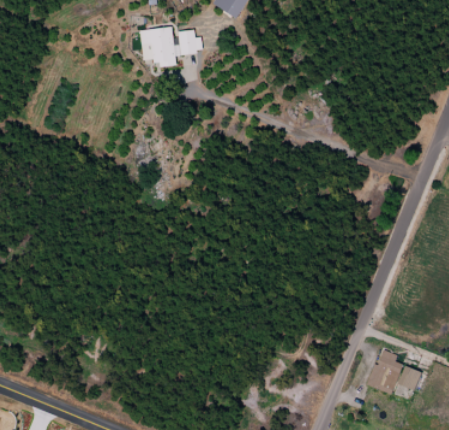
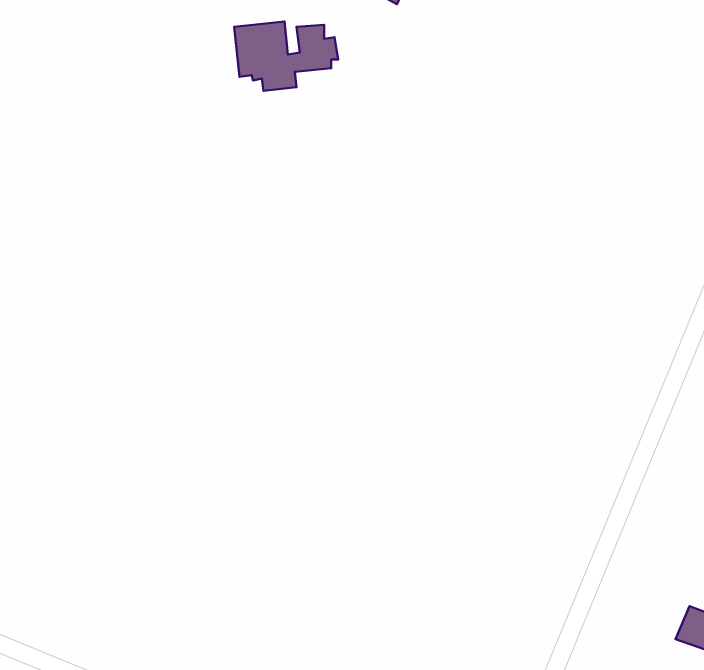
building: [366,350,403,394] -> none

